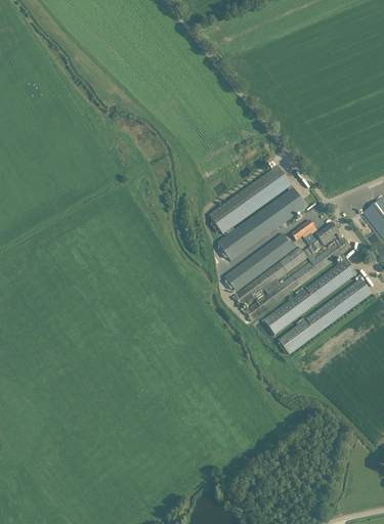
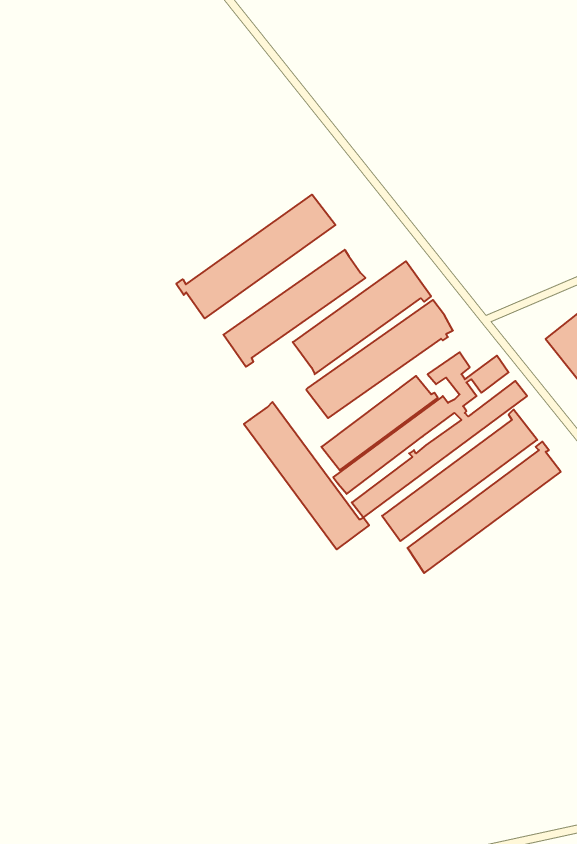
building: none -> [176,195,335,318]
building: none -> [223,250,365,367]
building: none -> [244,402,369,549]

